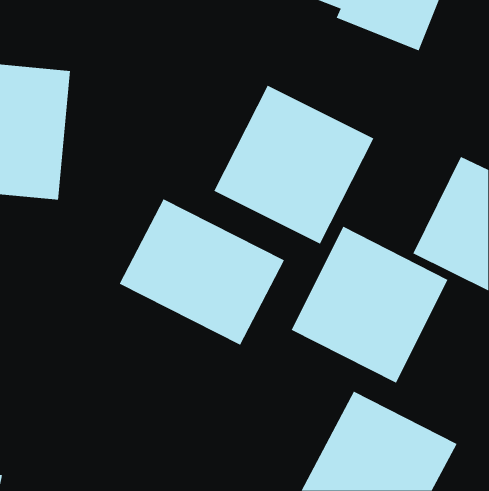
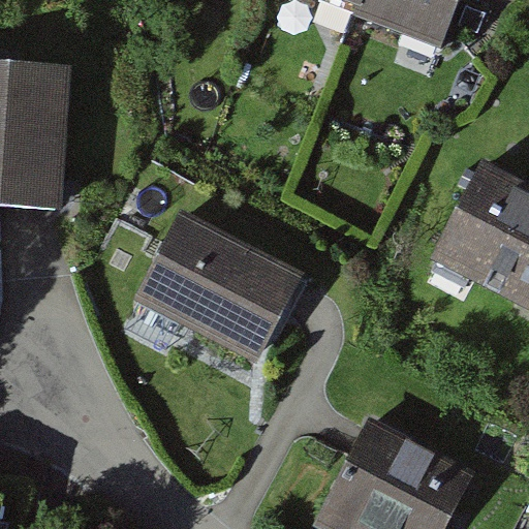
building: [213,85,374,245] -> none
building: [291,226,448,384] -> none

